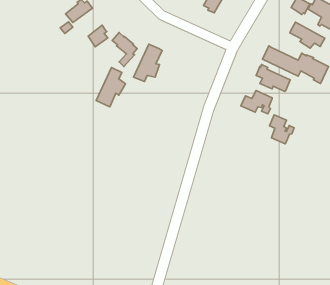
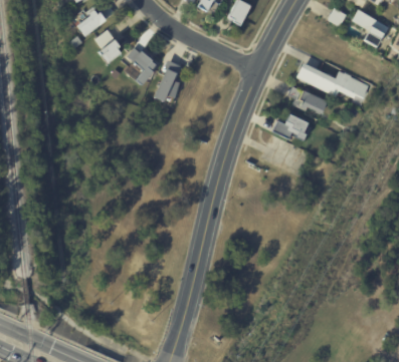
building: [290,22,325,48] -> none
building: [96,67,125,107] -> none
building: [270,115,294,144] -> none

